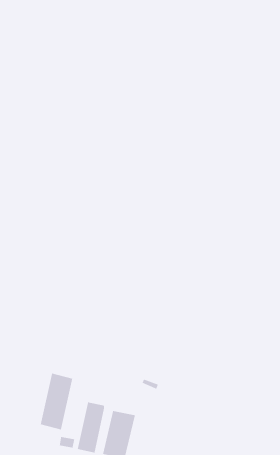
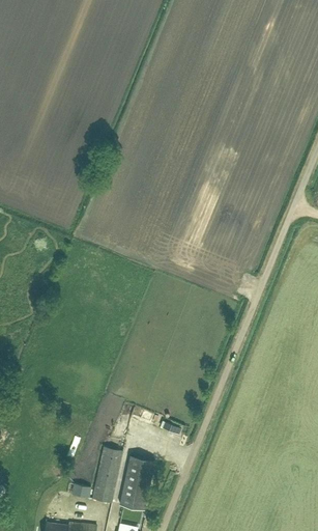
building: [40,373,73,430] -> none

